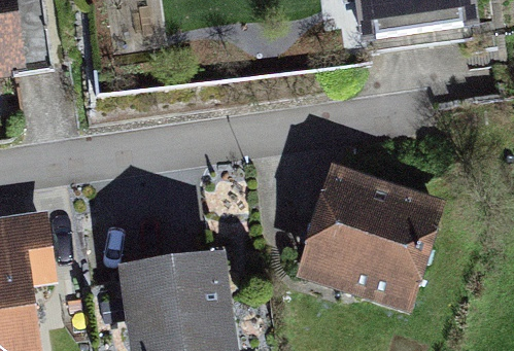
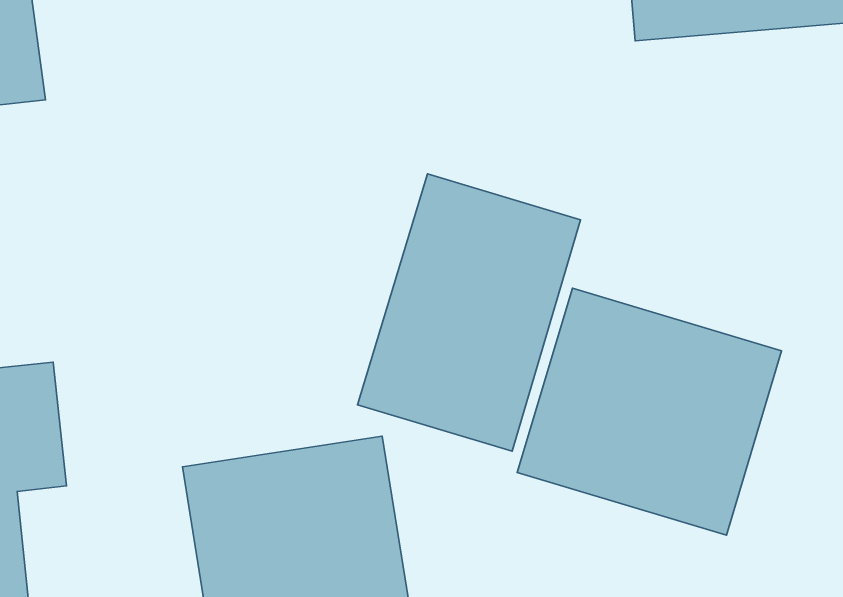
building: none -> [358,174,580,451]

